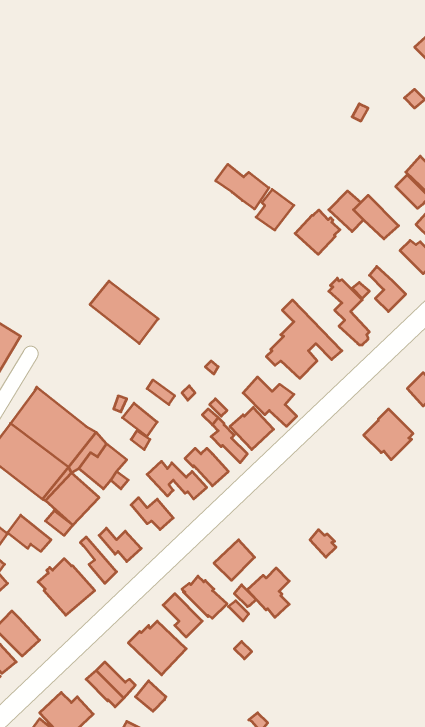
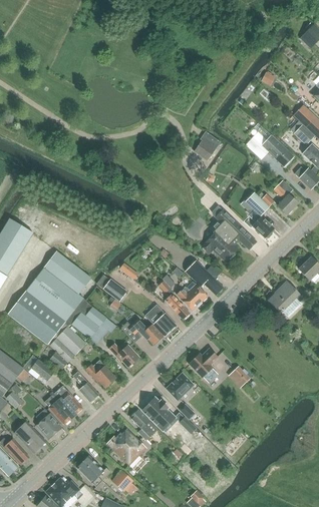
building: [216,164,269,209] -> none
building: [295,210,340,254] -> none
building: [90,281,158,344] -> [43,251,90,295]
building: [247,568,289,617] -> [189,349,218,383]
building: none -> [35,409,60,438]

